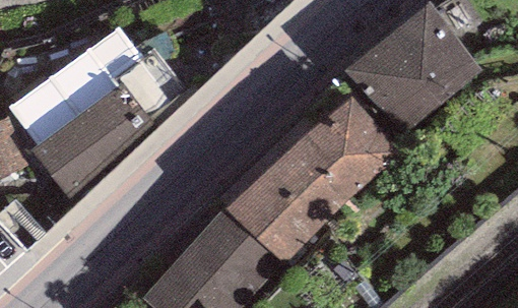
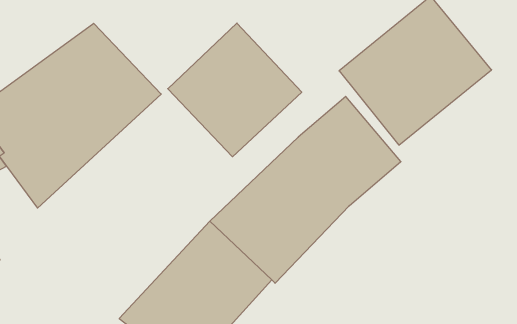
building: none -> [168,23,302,157]

